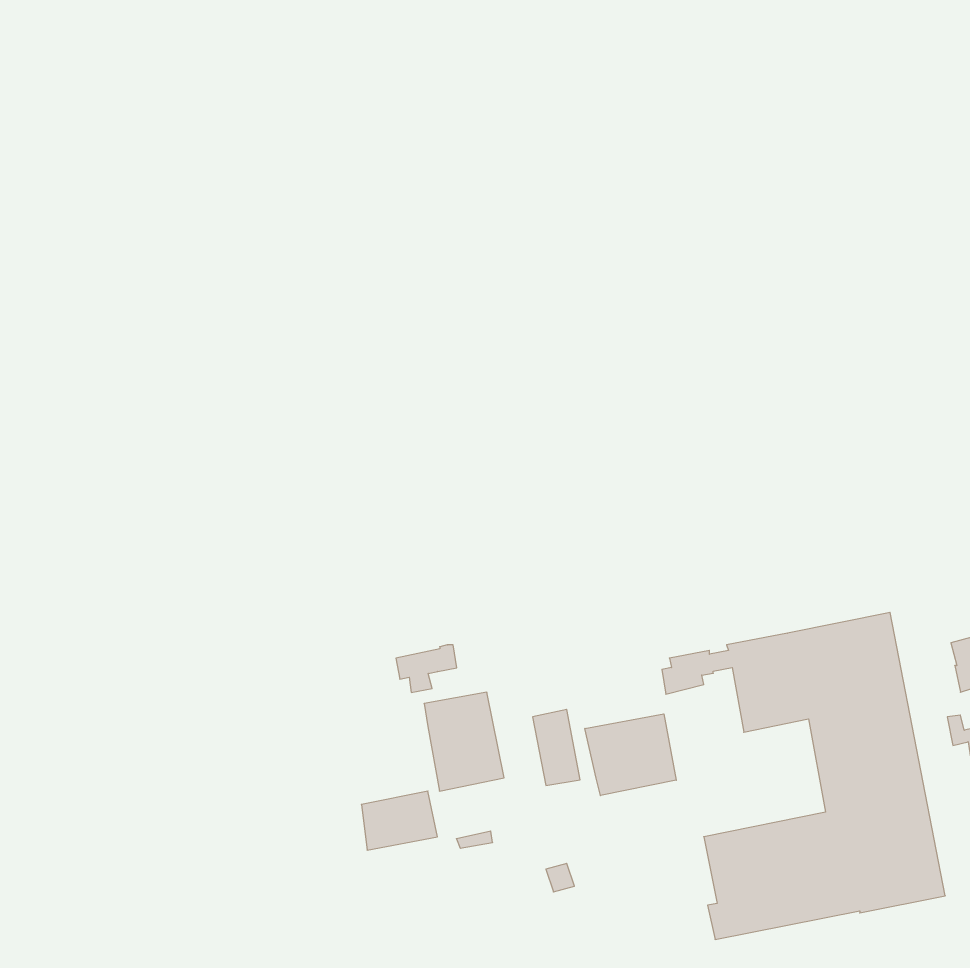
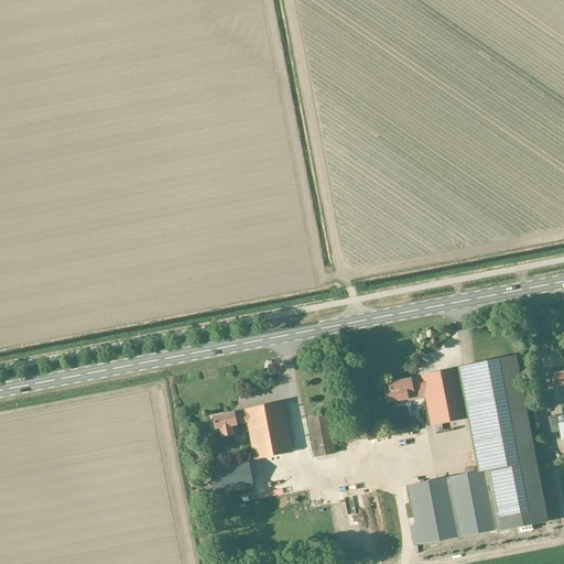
building: [396,645,457,692] -> [214,408,249,435]
building: [585,714,676,796] -> none

